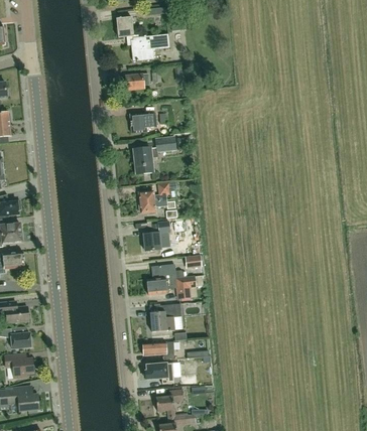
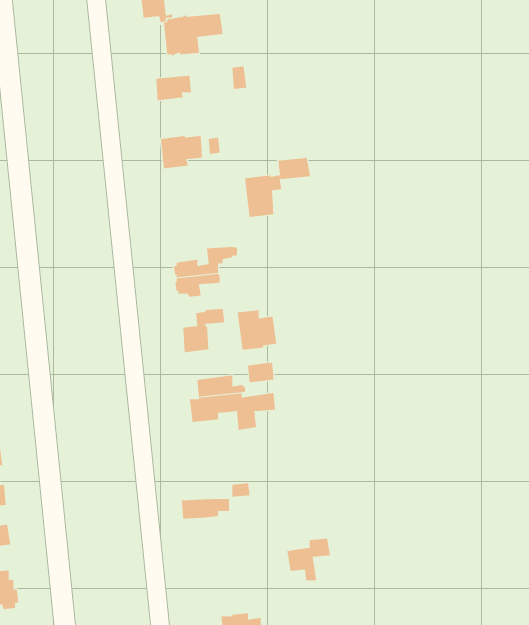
building: [133,136,175,174] -> [244,157,311,218]
building: none -> [237,310,277,351]
building: [149,303,180,331] -> none
building: [145,361,174,382] -> none
building: [155,390,184,417] -> [287,538,331,581]

